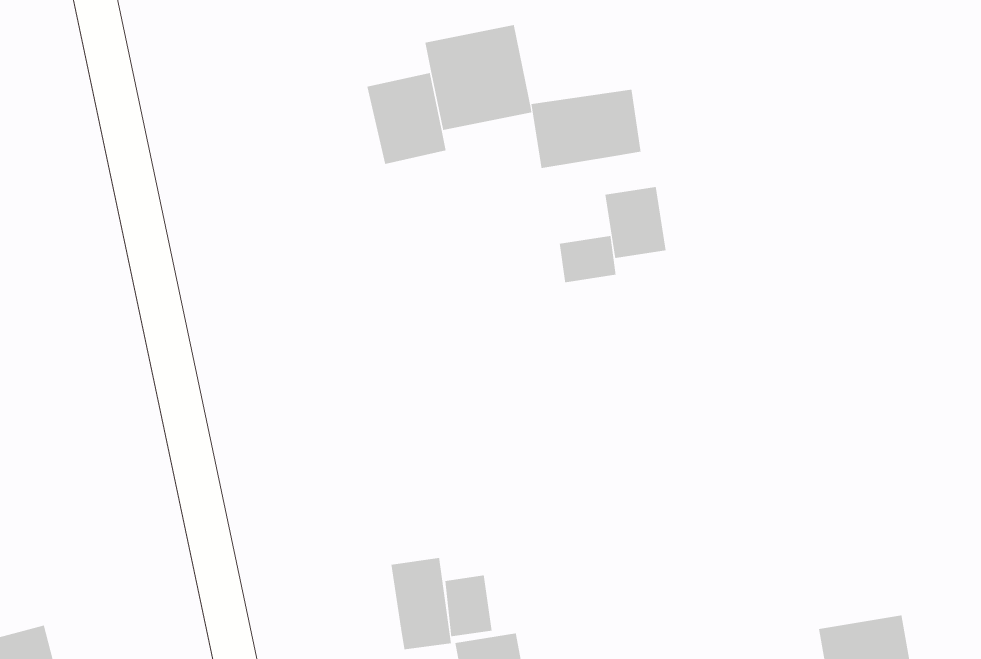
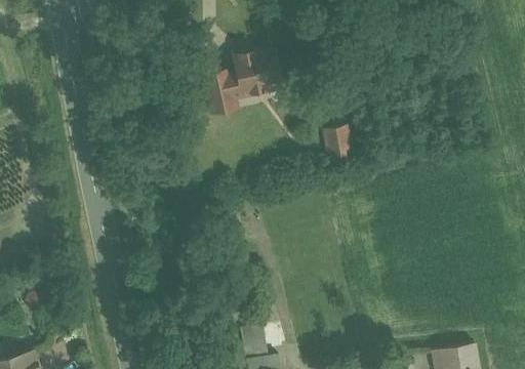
building: [531,89,641,169] -> none
building: [559,235,616,283] -> none
building: [391,557,451,650] -> none

